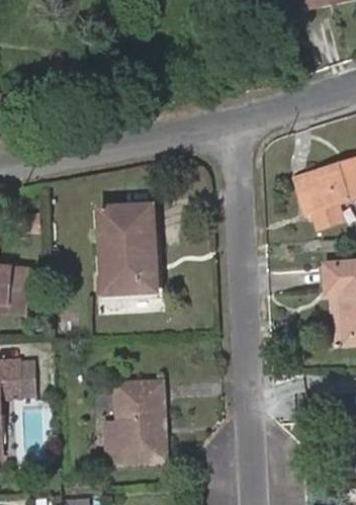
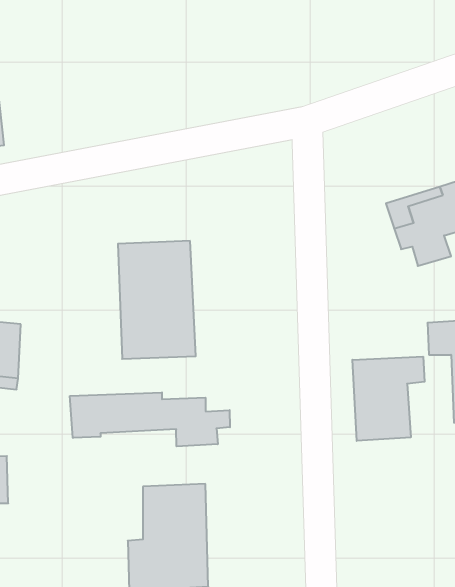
building: none -> [352,357,425,441]
building: none -> [70,392,230,446]

